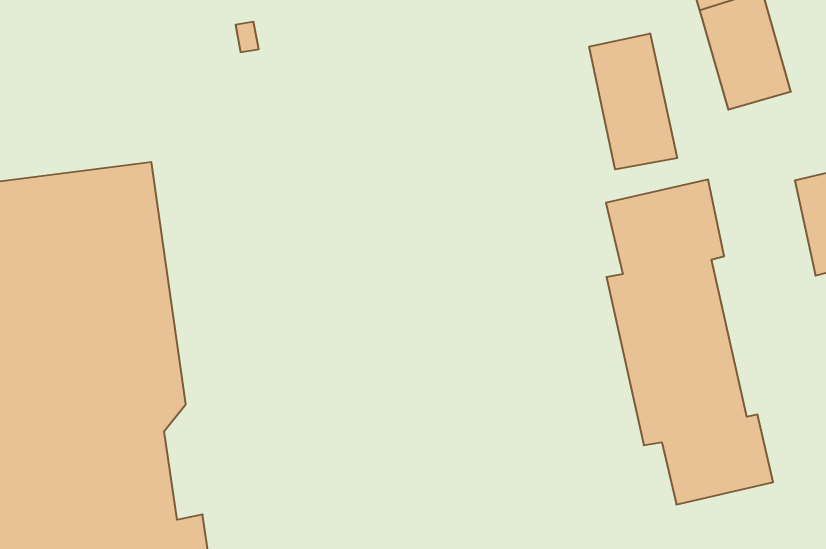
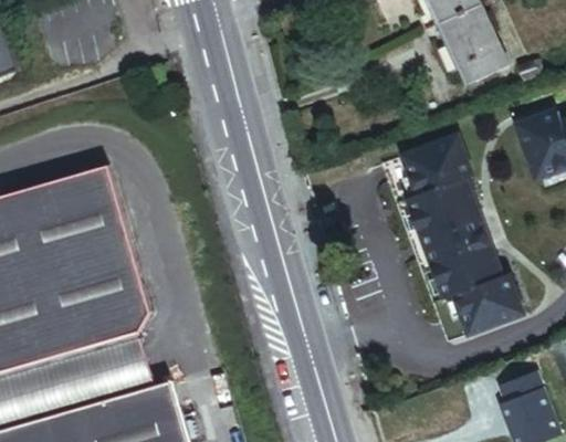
building: [589,33,677,169] -> none

